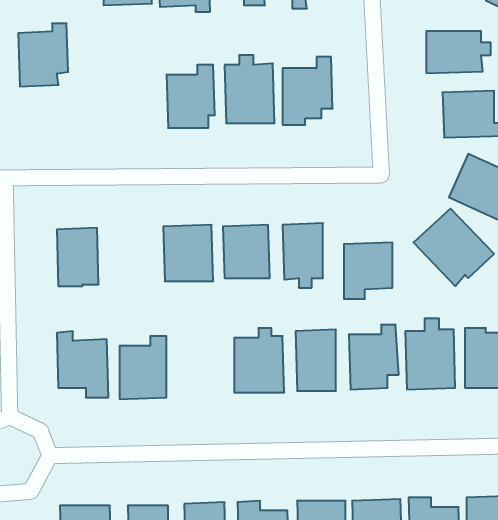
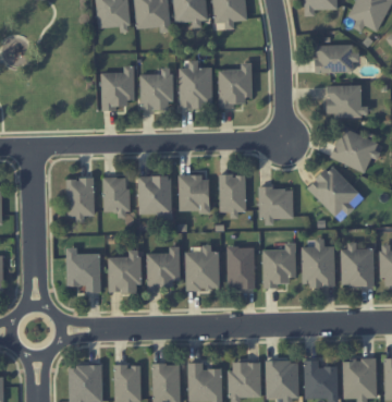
building: [18,23,68,86] -> [101,66,135,109]
building: none -> [103,178,130,218]
building: none -> [147,246,181,288]

